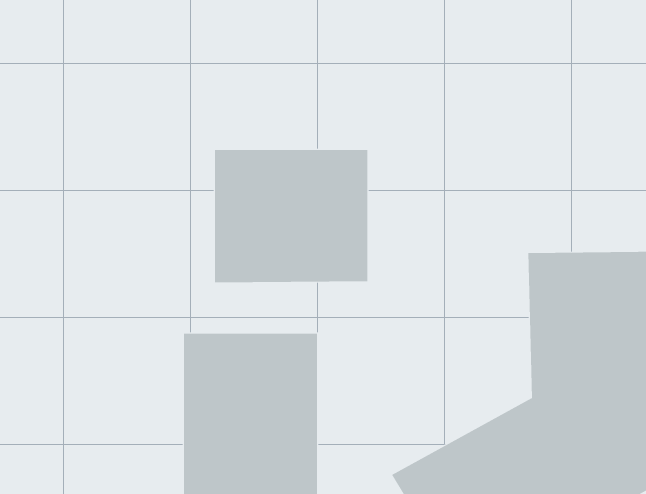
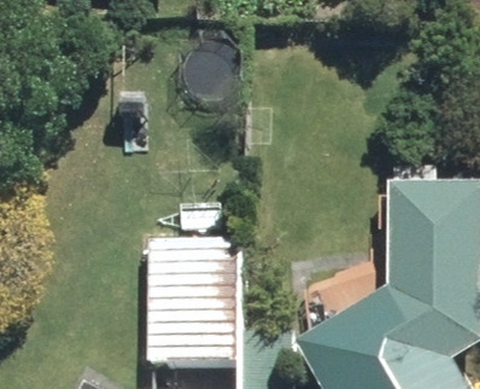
building: [214,149,368,283] -> none

